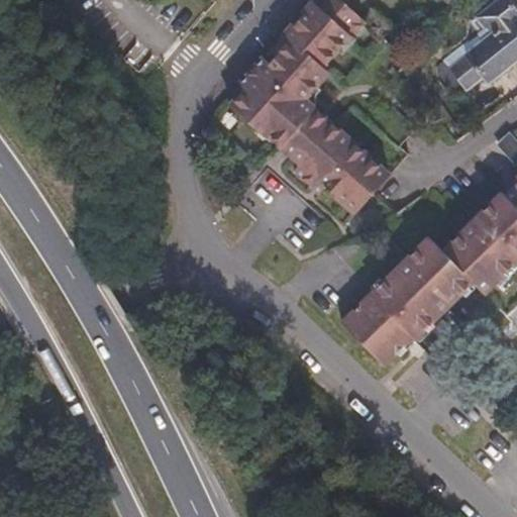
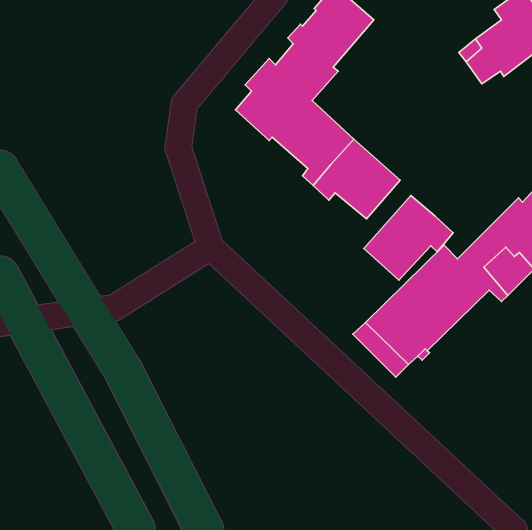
building: none -> [364,195,453,280]

